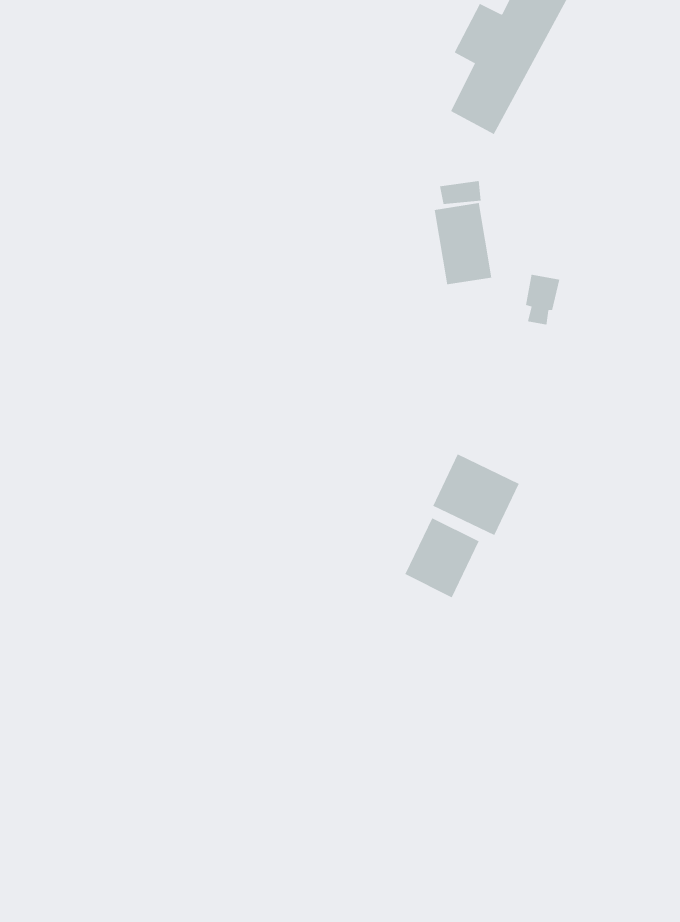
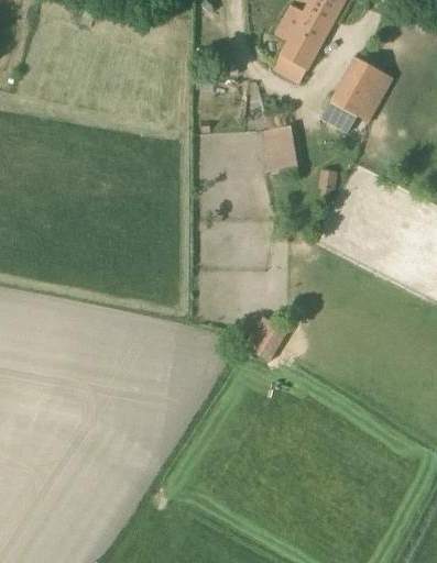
building: none -> [319,56,392,133]
building: [433,454,519,536] -> none

